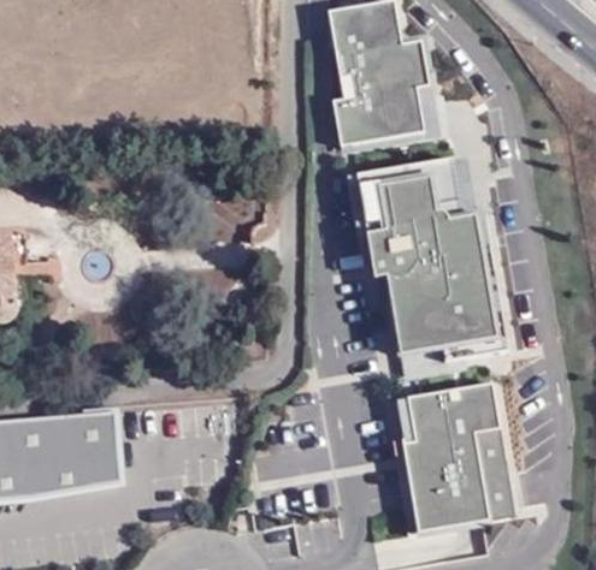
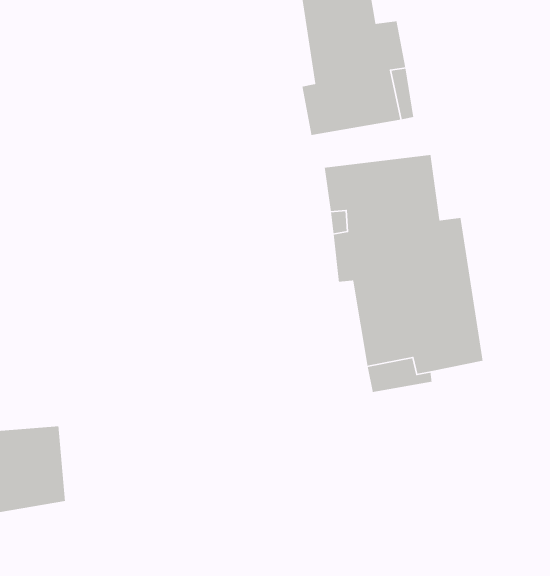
building: [396,384,511,532] -> none

